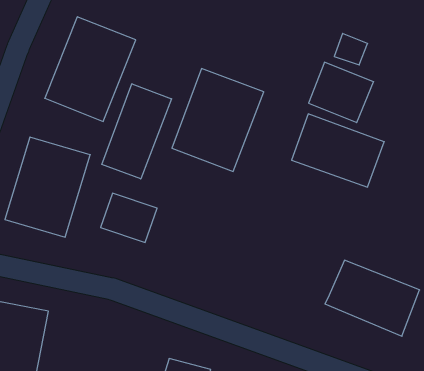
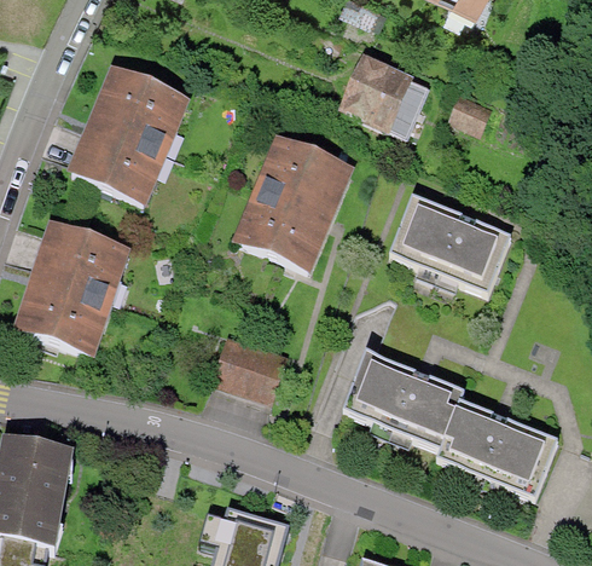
building: [309,62,374,123] -> [339,60,424,139]
building: [102,84,172,179] -> none
building: [101,193,157,242] -> [209,339,283,403]
building: none -> [339,339,460,438]

